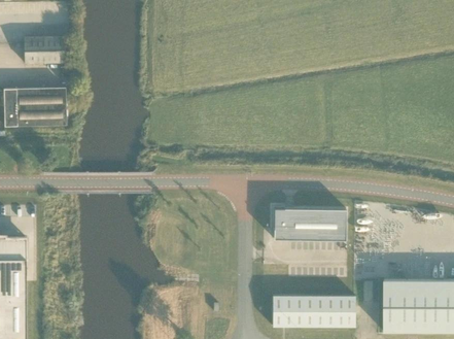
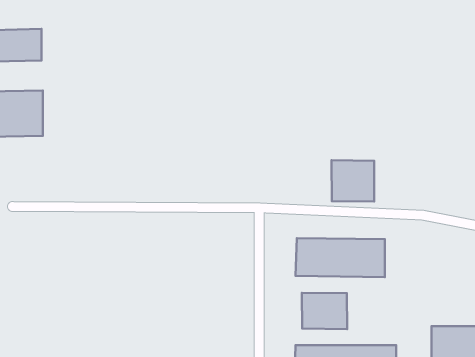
building: none -> [332,160,374,202]
building: none -> [302,293,347,329]

